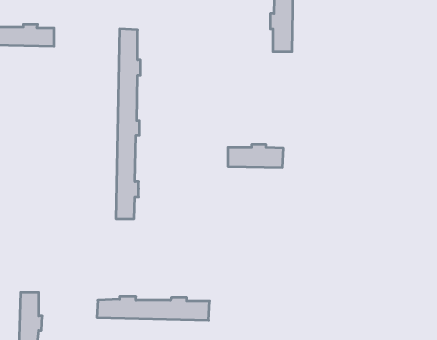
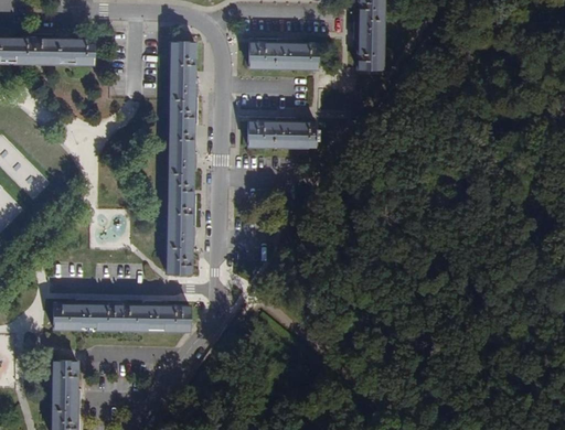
building: none -> [249,41,317,68]
building: [228,145,283,167] -> [248,119,316,147]
building: [97,297,210,320] -> [53,301,190,330]

